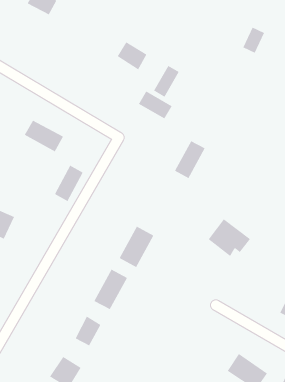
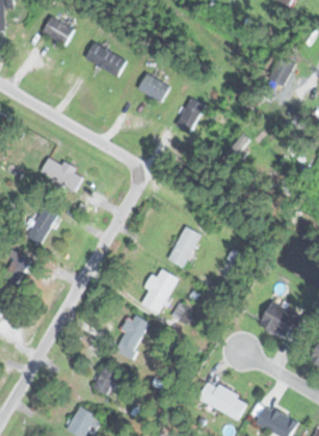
building: none -> [84,42,126,76]
building: [138,91,173,119] -> none
building: [174,140,206,179] -> [167,226,201,267]
building: [54,165,83,202] -> [26,206,57,245]
building: [208,219,251,257] -> [259,300,304,340]
building: none -> [198,380,247,419]

